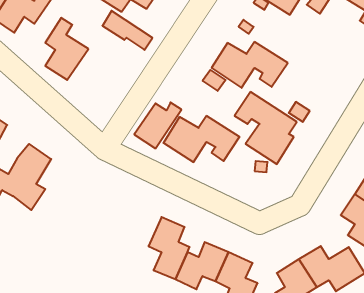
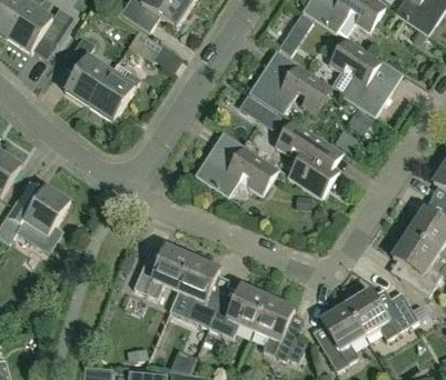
building: none -> [328,37,403,117]
building: [134,102,181,148] -> [89,70,141,121]
building: none -> [135,247,194,298]

